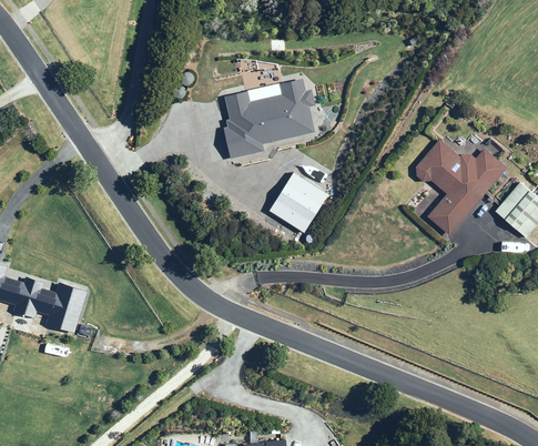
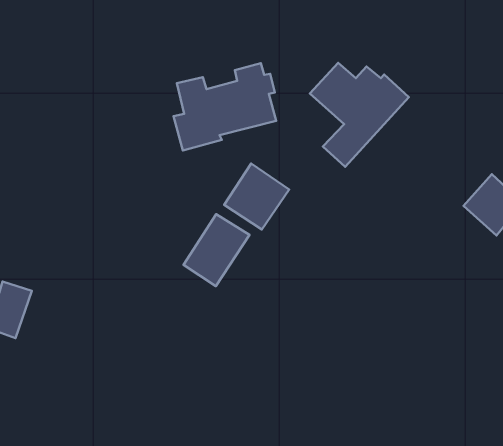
building: [414,138,507,235] -> [310,63,409,167]
building: none -> [184,214,249,286]

